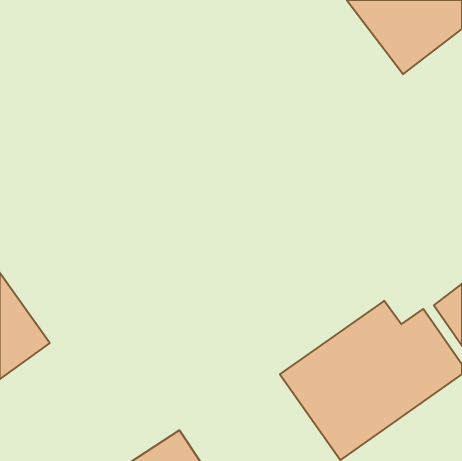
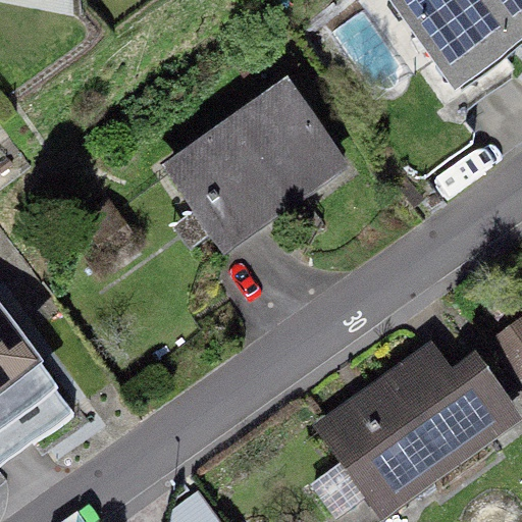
building: none -> [164,80,349,253]

